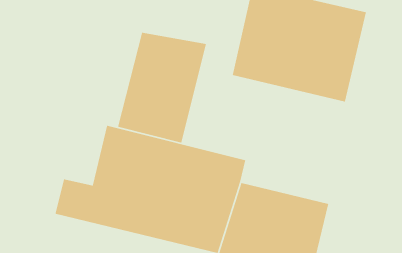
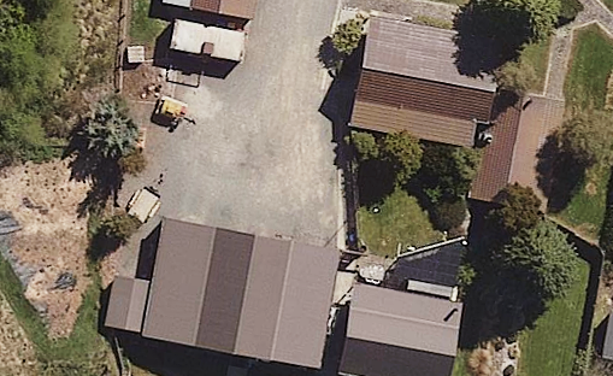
building: [117,32,207,144] -> none

